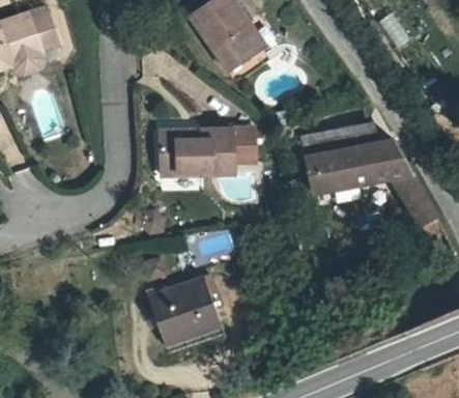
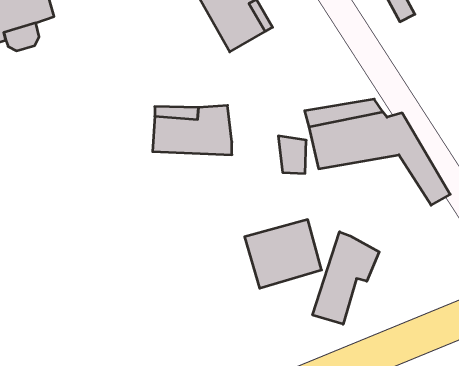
building: [227,129,254,165] -> [278,136,306,173]
building: none -> [313,232,379,324]
building: [133,288,207,354] -> [245,220,322,288]

